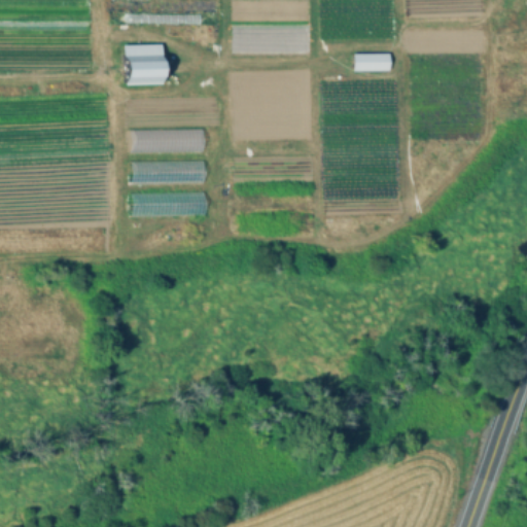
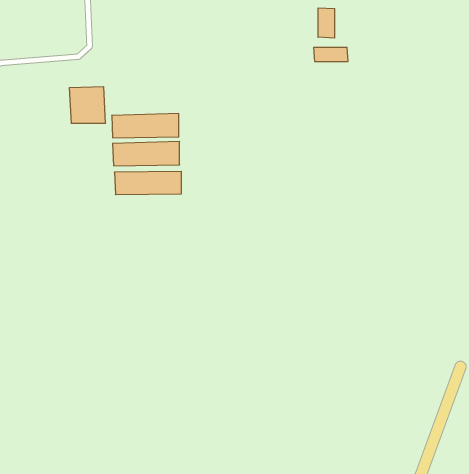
building: none -> [318,8,335,38]
building: [125,44,165,84] -> [69,87,106,123]

